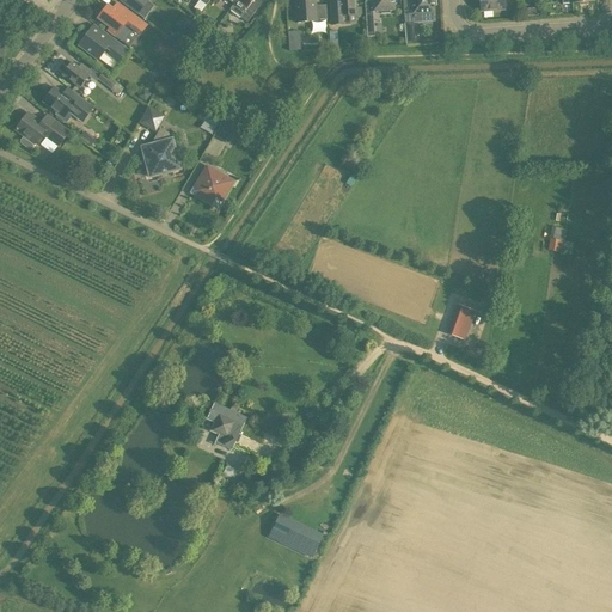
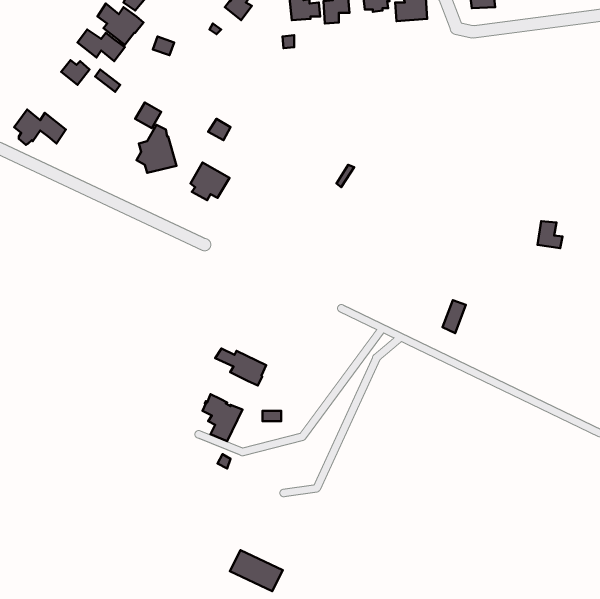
building: [43,86,92,117] -> none
building: none -> [215,348,266,386]
building: [268,513,322,555] -> [230,550,283,591]

